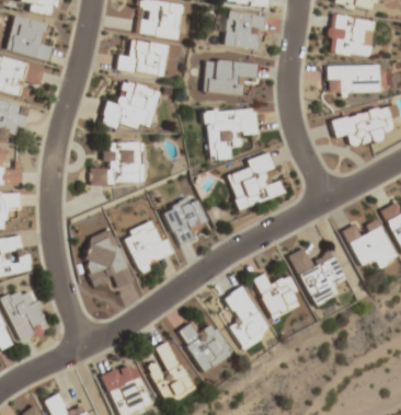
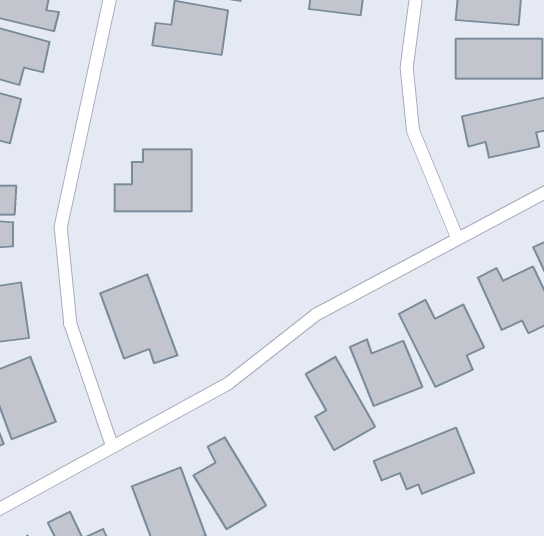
building: [204,58,257,94] -> none
building: [101,80,159,132] -> none
building: [204,105,260,161] -> none
building: [227,151,284,209] -> none
building: [162,194,208,245] -> none
building: [122,217,174,272] -> none
building: [176,321,233,372] -> none
building: none -> [374,428,474,494]

